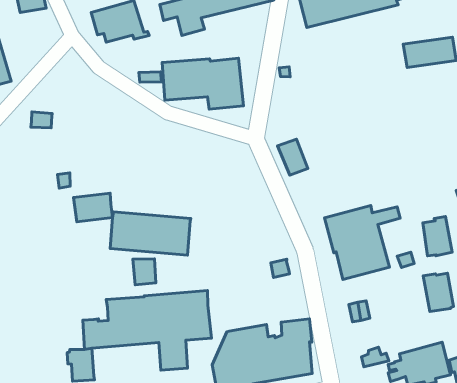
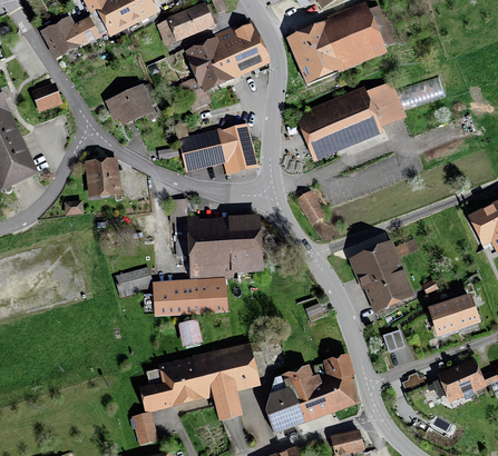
building: none -> [294,80,406,160]
building: none -> [85,157,121,198]
building: none -> [169,198,263,279]
building: [423,216,452,256] -> [428,298,459,337]

